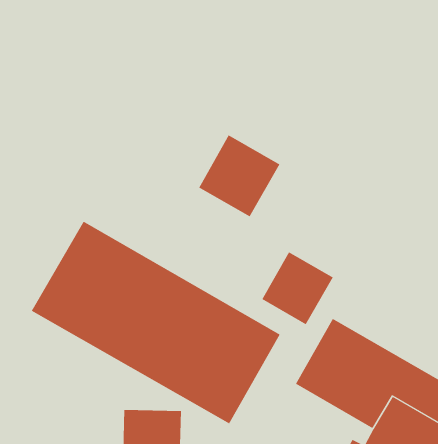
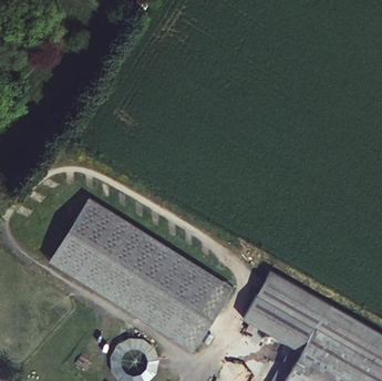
building: [198,135,280,217] -> none
building: [261,252,333,325] -> none

